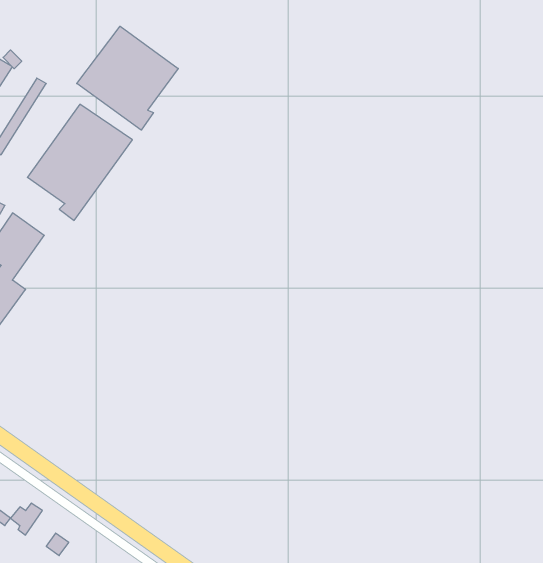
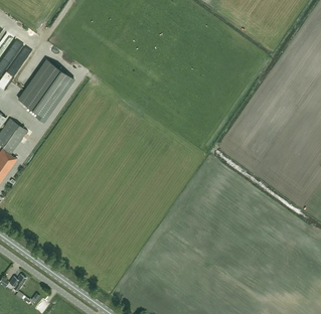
building: [77,26,178,130] -> none

